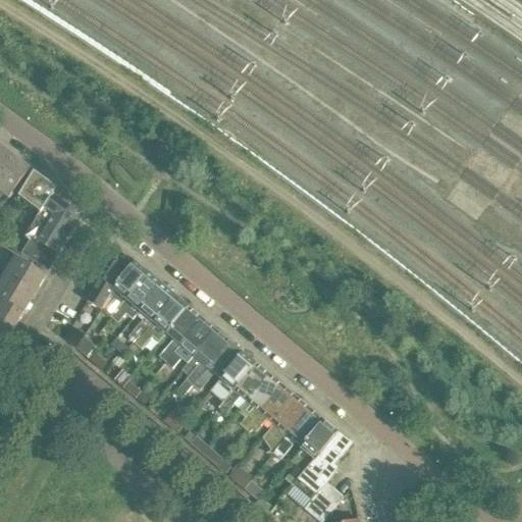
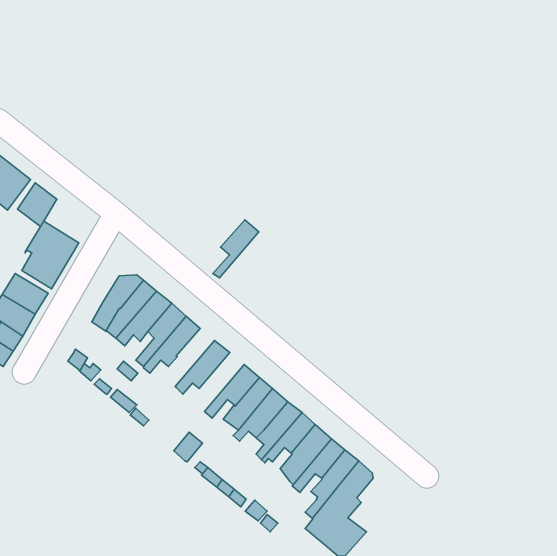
building: [41,186,83,226] -> none
building: [157,306,200,360] -> [213,220,259,278]
building: [174,328,227,395] -> none

